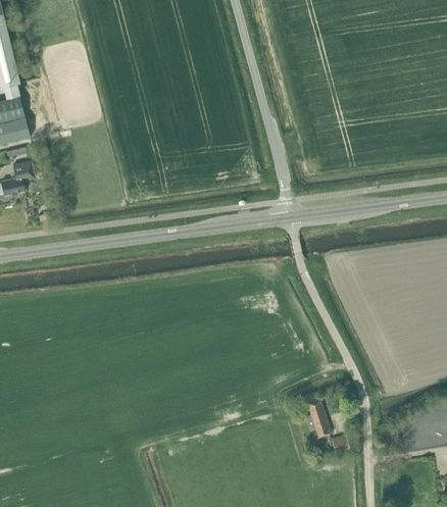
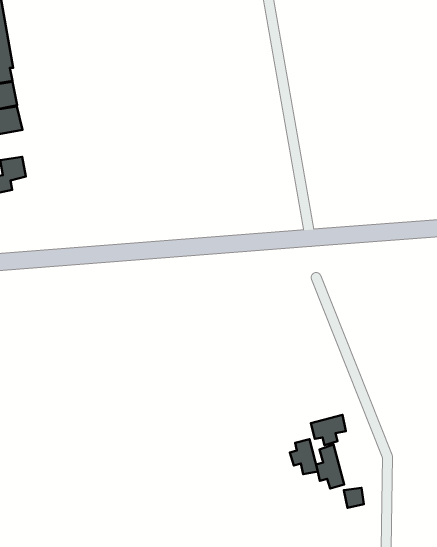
building: none -> [311,415,346,445]
building: none -> [290,439,318,474]

